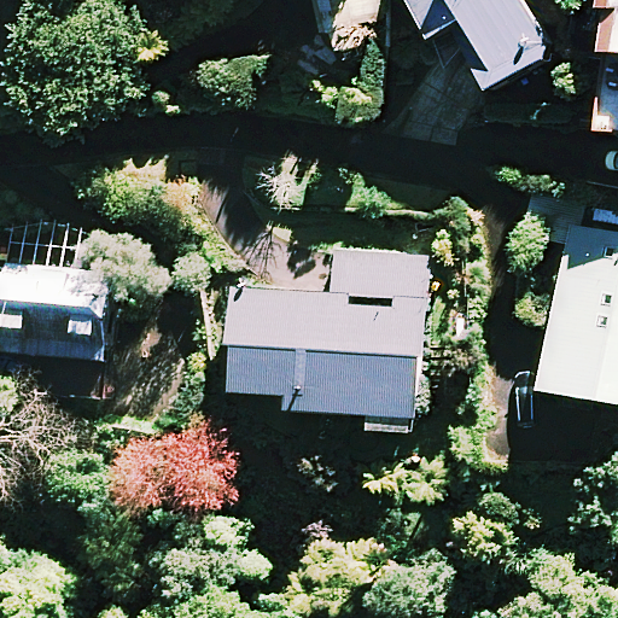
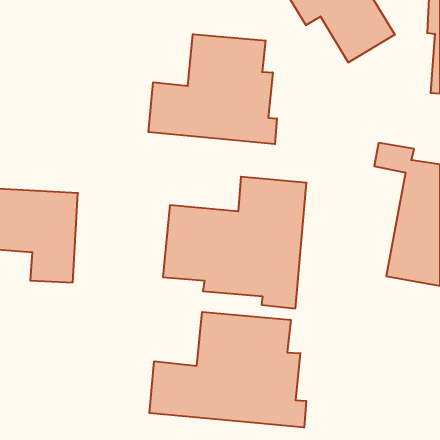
building: none -> [149,34,277,144]
building: none -> [149,312,306,428]

